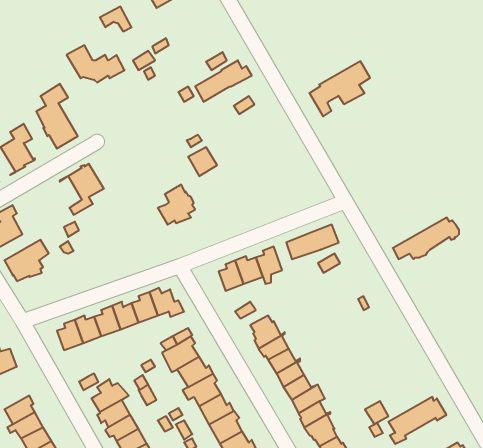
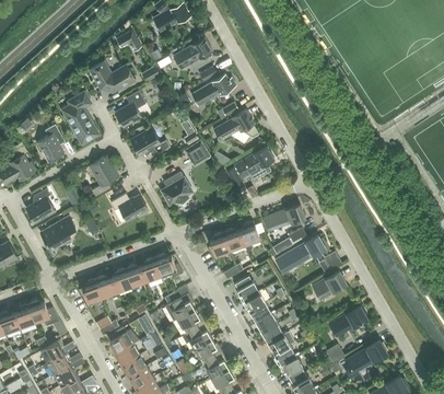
building: none -> [172,37,211,69]
building: [309,61,370,116] -> [225,146,273,189]
building: none -> [114,91,144,127]
building: none -> [213,109,258,143]
building: none -> [129,127,170,155]
building: none -> [110,194,148,221]
building: [393,218,459,259] -> [274,235,327,268]
building: none -> [311,270,346,299]
building: none -> [327,304,365,336]

